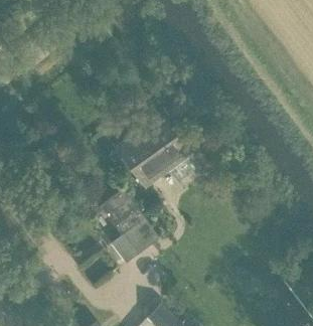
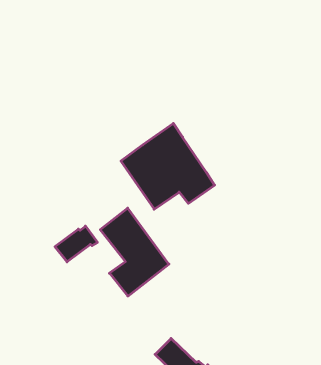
building: none -> [55,226,97,262]

